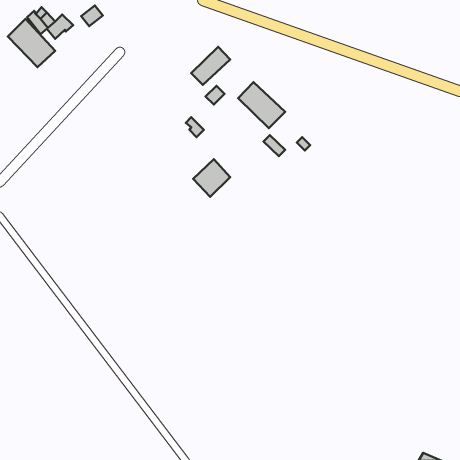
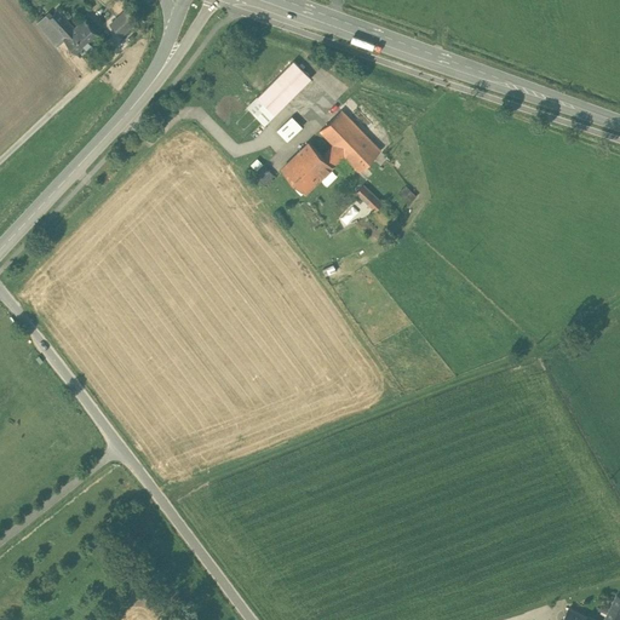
building: [8,19,55,67] -> none
building: [193,159,230,197] -> [281,143,331,194]

